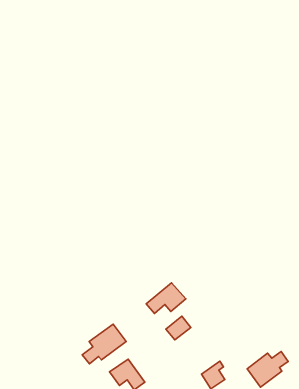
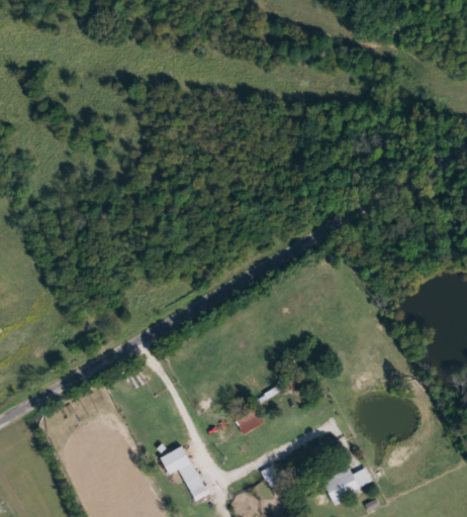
building: [146,283,186,314] -> none
building: [82,324,126,364] -> none

